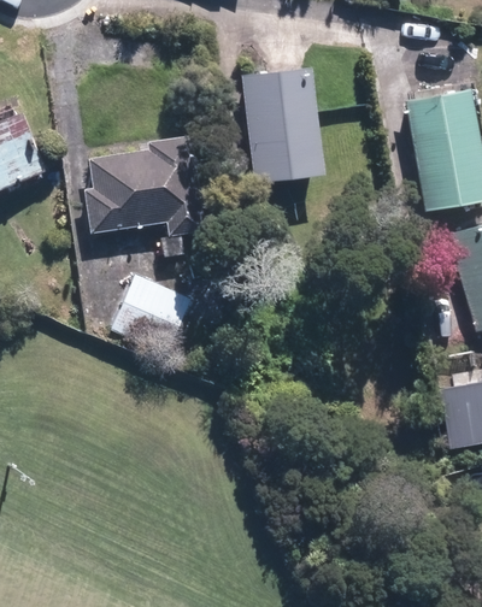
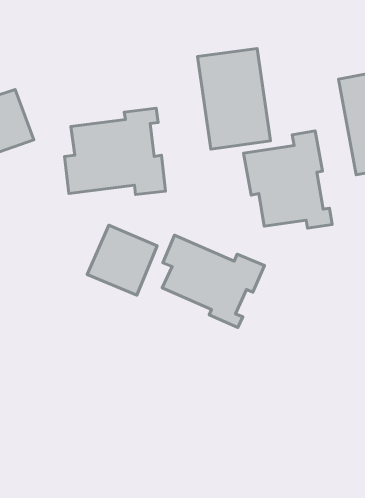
building: none -> [243,131,332,228]
building: none -> [162,235,264,328]

